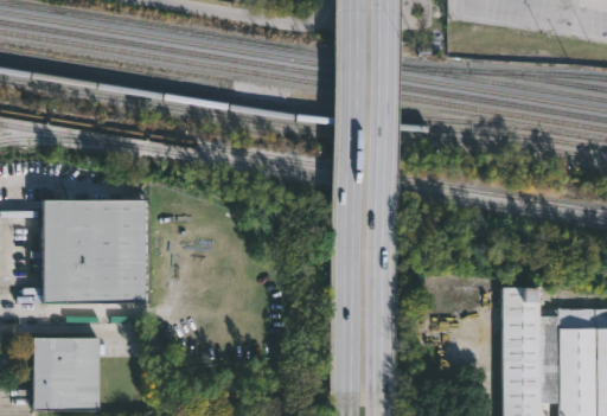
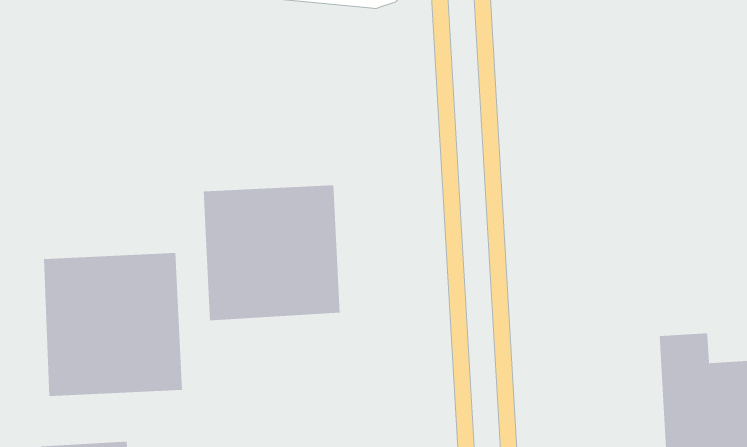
building: none -> [203,185,340,321]

